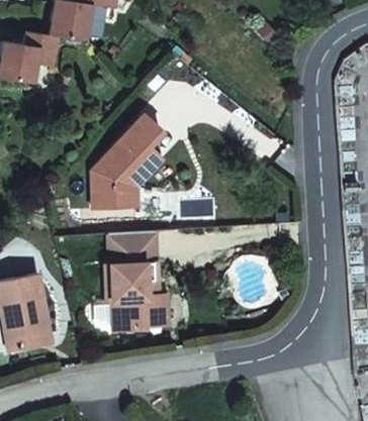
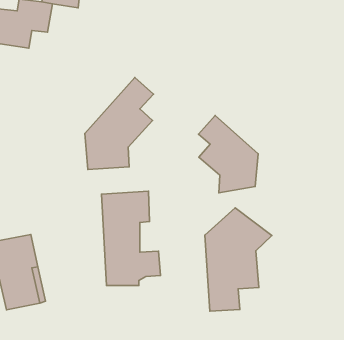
building: none -> [198,115,258,193]
building: none -> [205,208,272,311]

